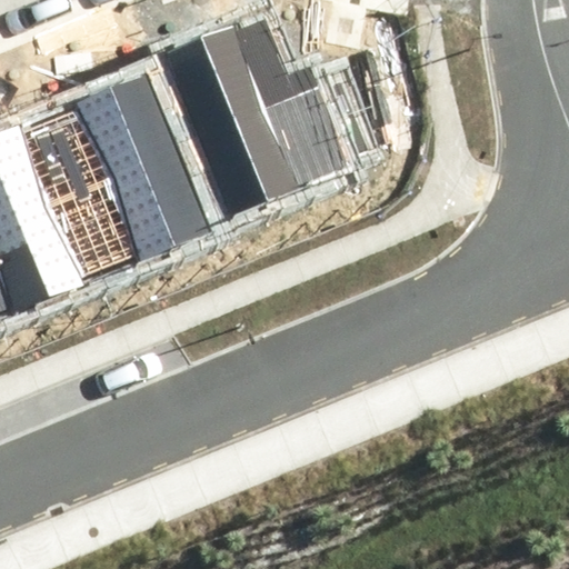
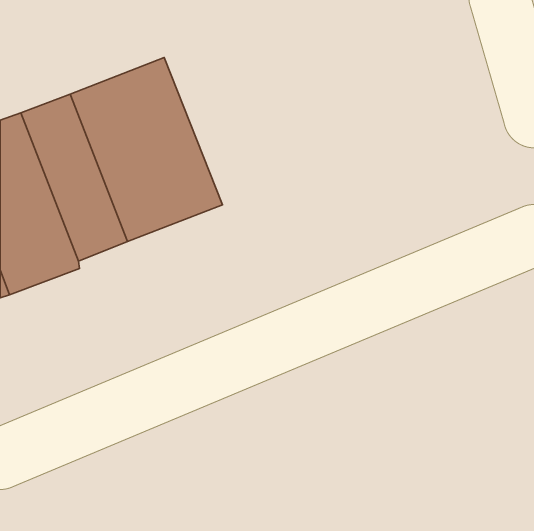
building: [170,13,352,218] -> none

